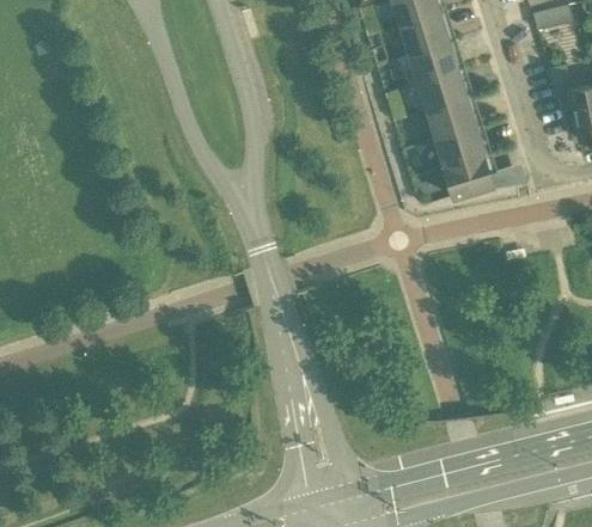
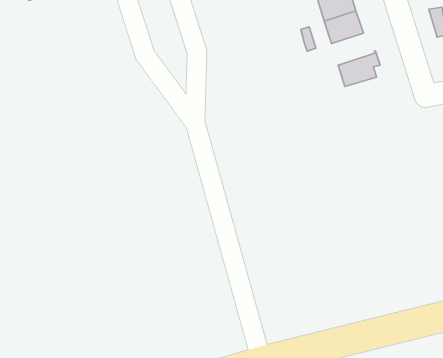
building: [426,94,475,135] -> none
building: [443,151,493,192] -> none

